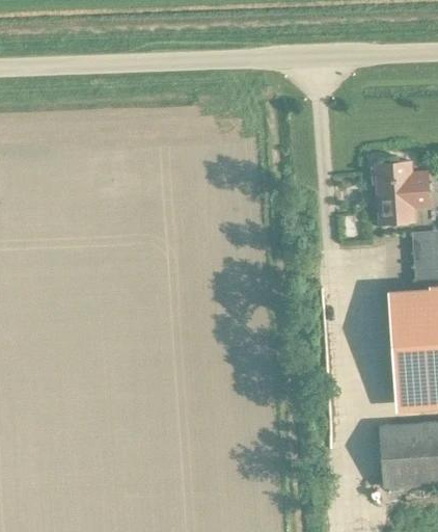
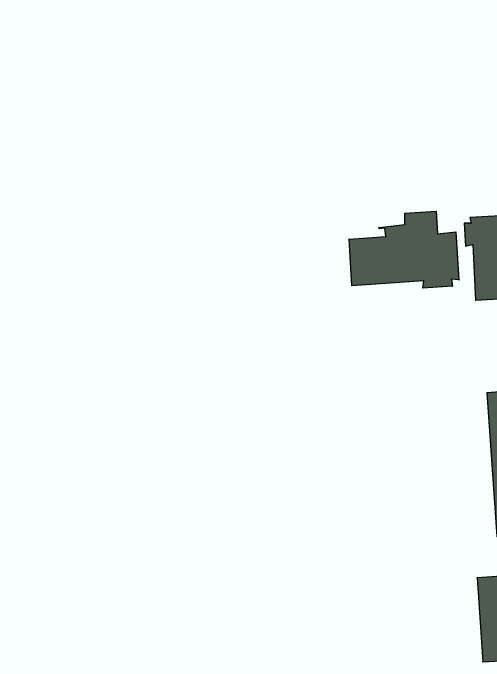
building: none -> [349,211,459,288]

